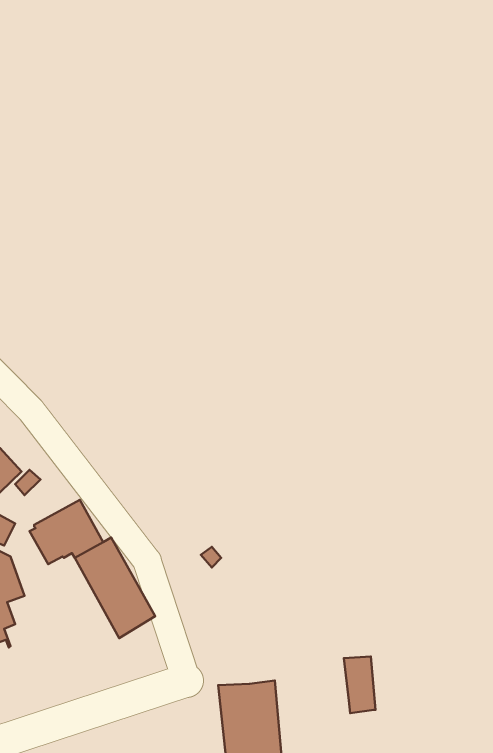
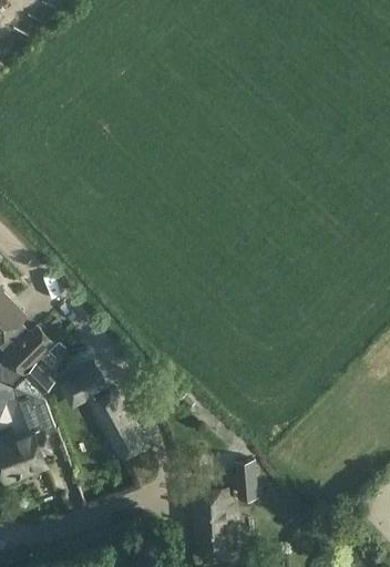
building: [344,657,375,713] -> [237,461,259,501]

